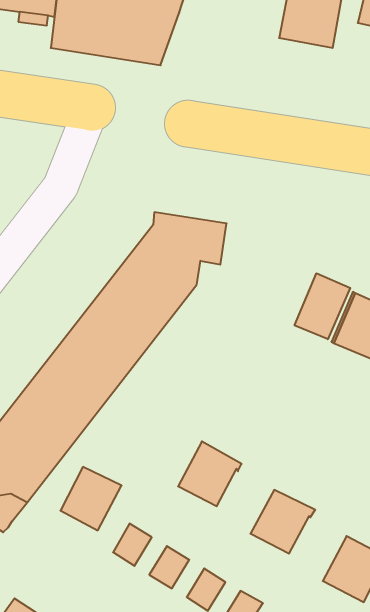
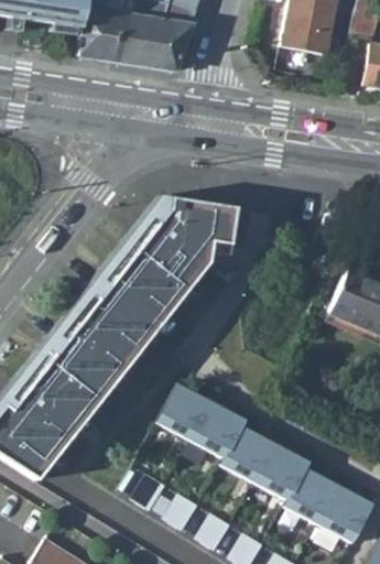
building: [295,273,350,339] -> none
building: [60,467,122,530] -> [158,384,211,441]
building: none -> [221,425,275,482]
building: none -> [285,467,339,524]

